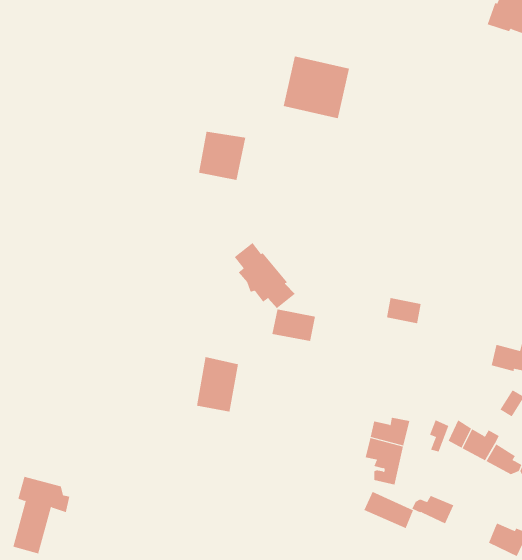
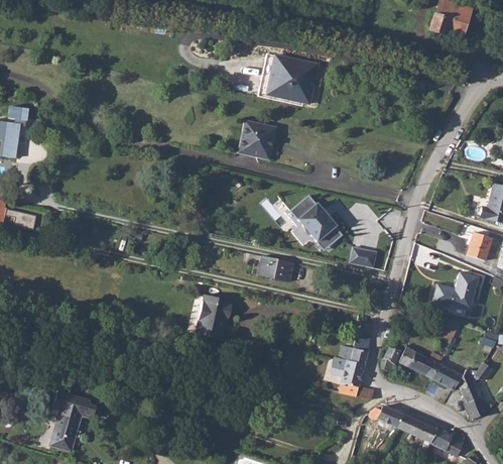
building: [198,131,246,180] -> [237,121,275,160]
building: [234,242,296,309] -> [293,196,343,249]
building: [363,491,414,529] -> [396,414,436,444]

